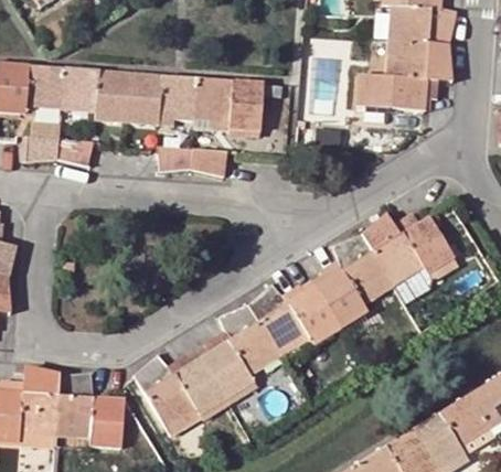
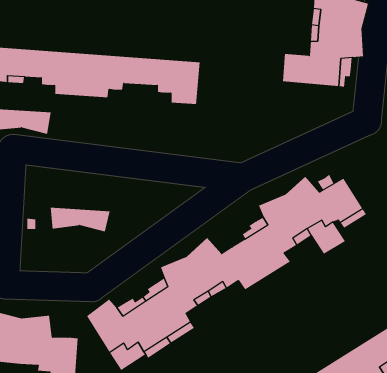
building: [157,146,226,174] -> [50,207,110,232]

